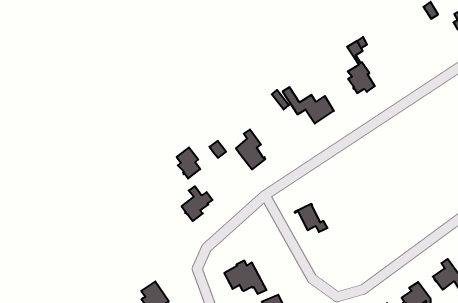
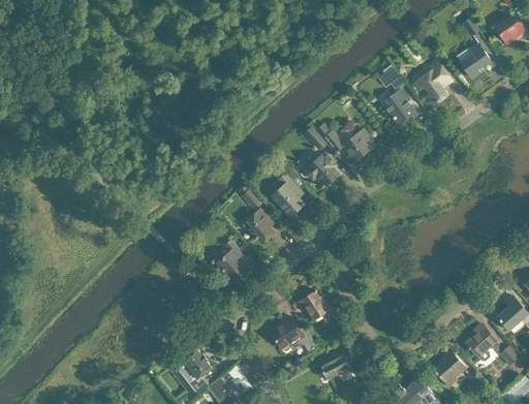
building: none -> [460,42,490,77]
building: none -> [419,62,450,103]
building: none -> [304,153,337,188]
building: [177,147,200,179] -> [247,209,274,243]
building: [295,204,328,232] -> [298,290,335,320]

